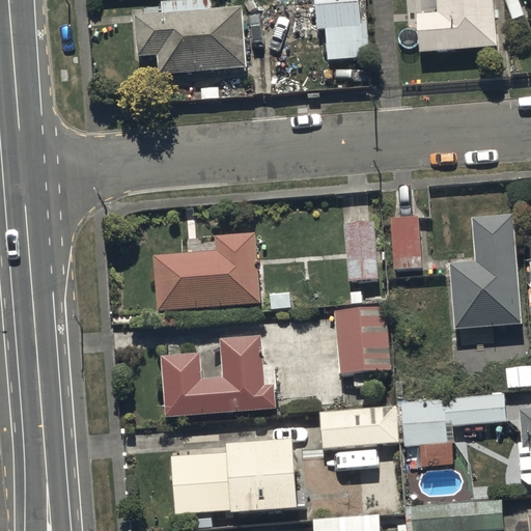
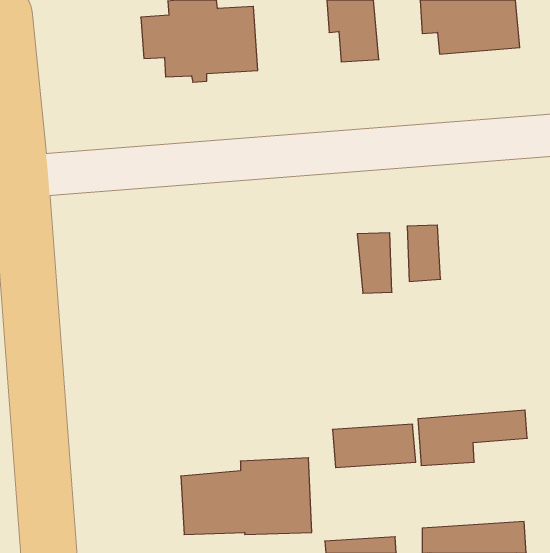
building: [452,215,520,328] -> none
building: [153,233,260,310] -> none
building: [333,308,390,375] -> none
building: [162,338,274,416] -> none

